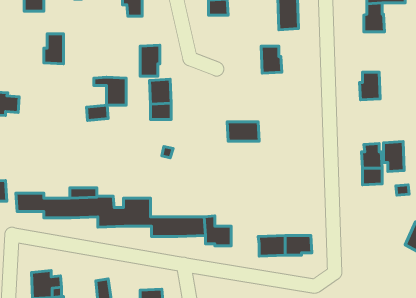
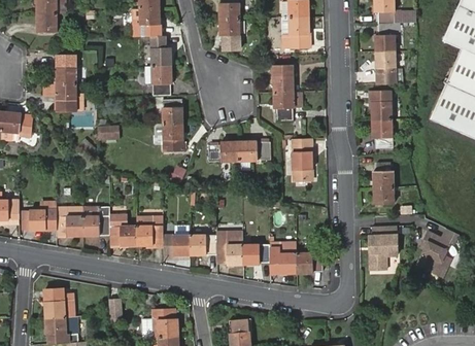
building: none -> [151,35,172,66]
building: none -> [375,51,396,80]
building: none -> [274,92,294,120]
building: [94,77,126,105] -> [44,82,76,110]
building: none -> [293,138,313,180]
building: none -> [209,141,240,162]
building: [384,142,404,172] -> [372,118,393,148]
building: none -> [368,235,396,270]
building: none -> [243,245,271,265]

